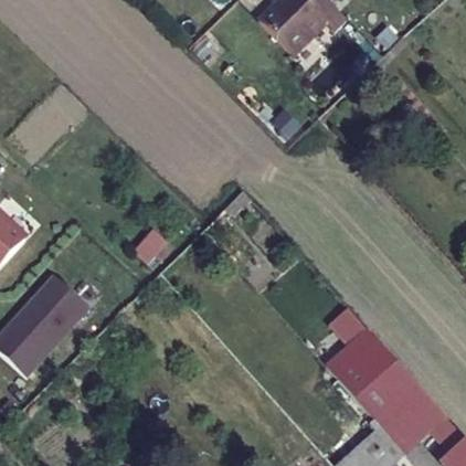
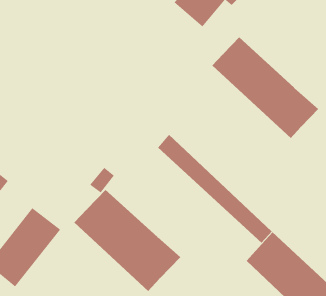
building: none -> [212,37,319,139]
building: none -> [74,189,181,292]

